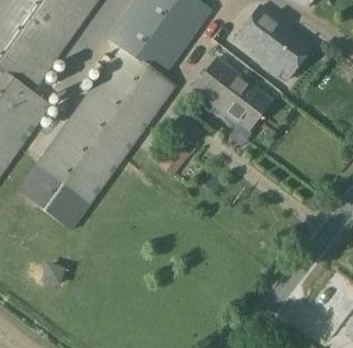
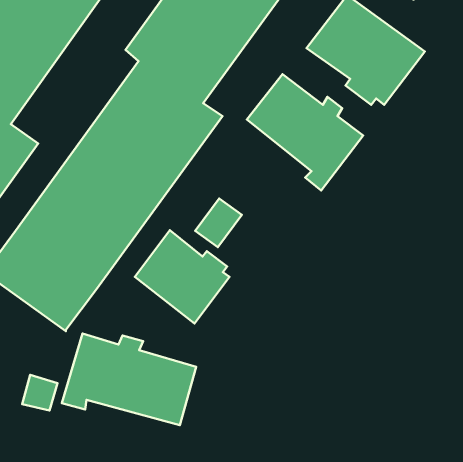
building: none -> [135,230,230,324]
building: none -> [62,334,196,425]

